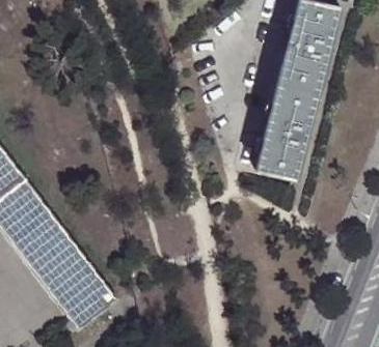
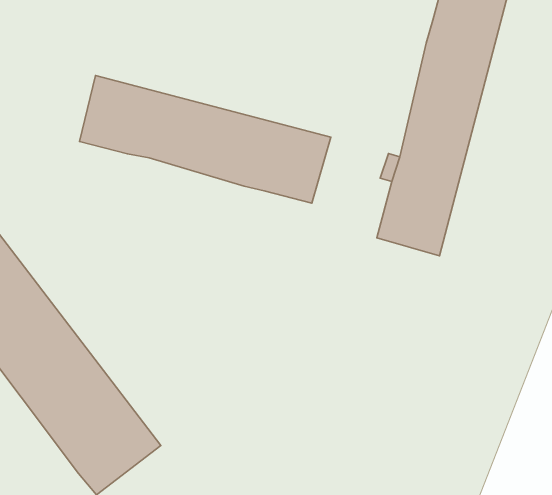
building: none -> [80,76,331,203]

